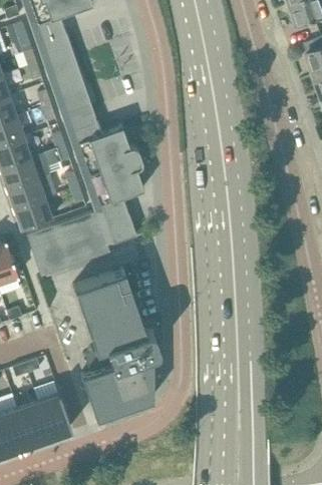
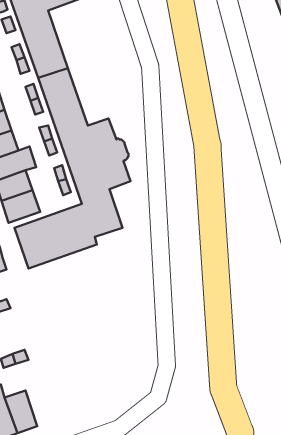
building: [72,270,157,420] -> none
building: [33,382,71,437] -> none

